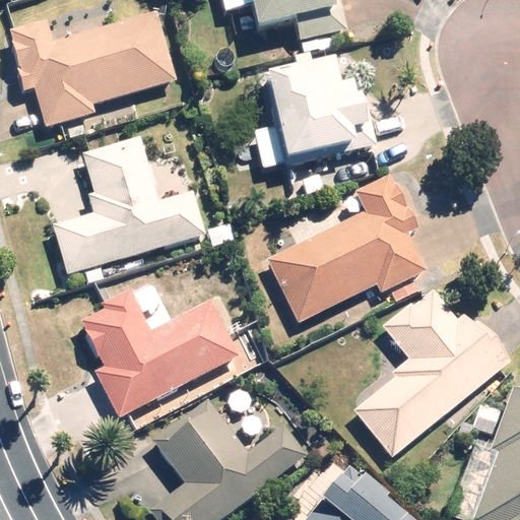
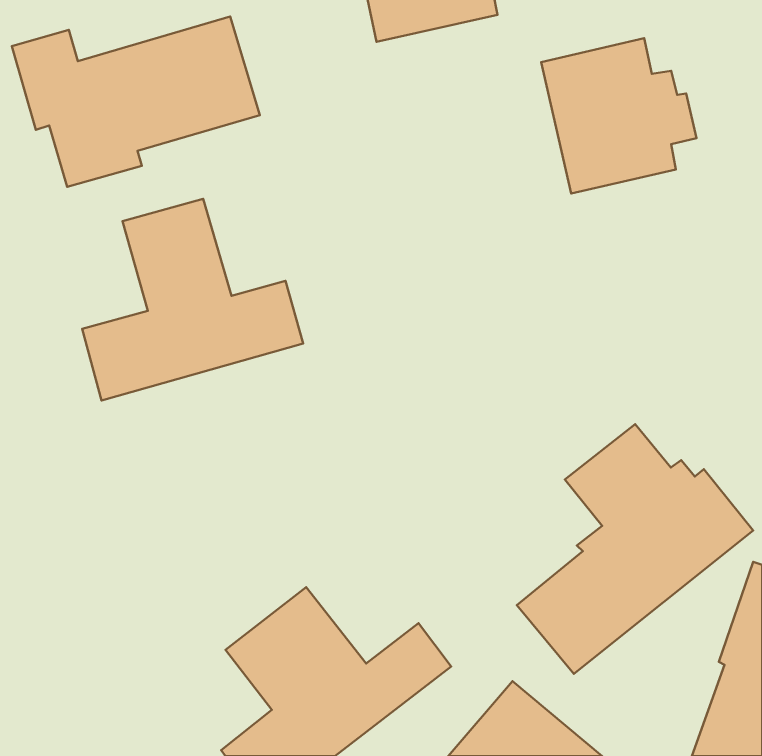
building: [266,58,372,164] -> [541,38,697,193]
building: [271,174,425,320] -> none
building: [81,283,238,413] -> none

